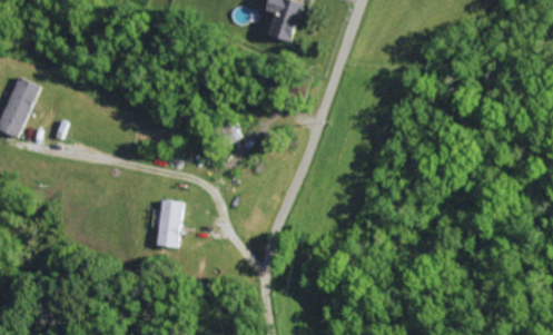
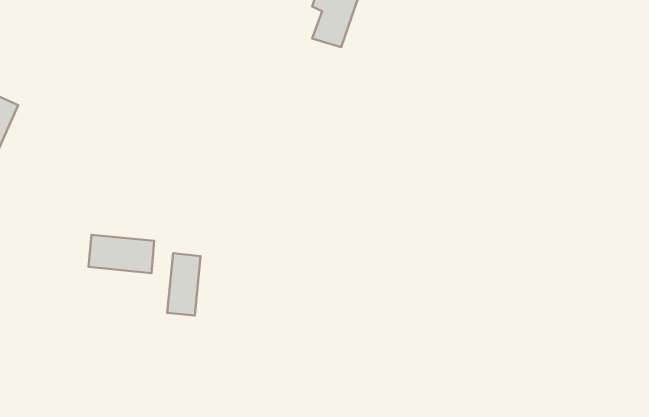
building: none -> [89,235,154,273]

